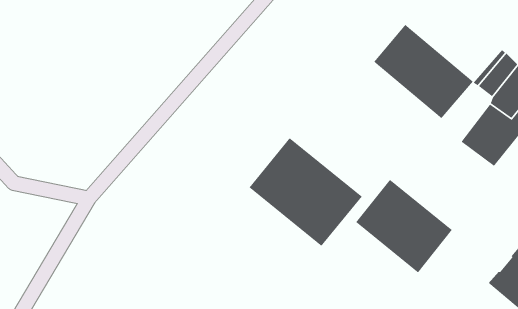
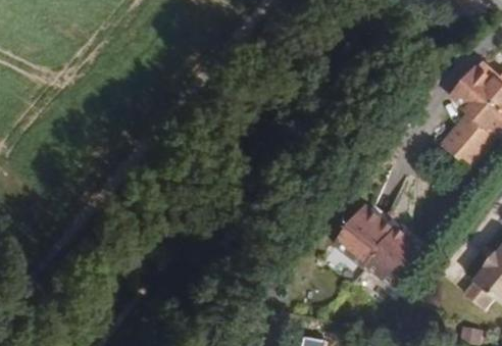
building: [373,24,474,119] -> none
building: [248,137,363,247] -> none

